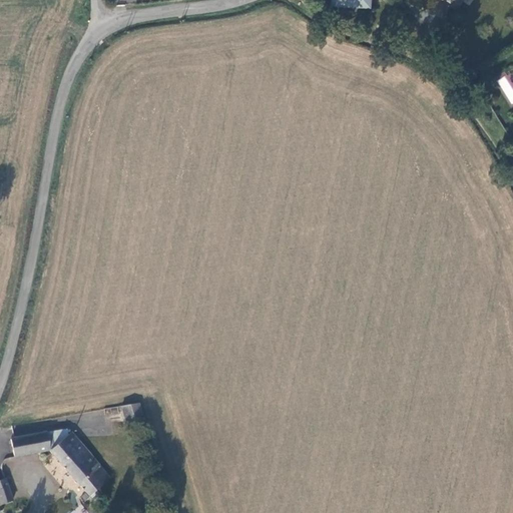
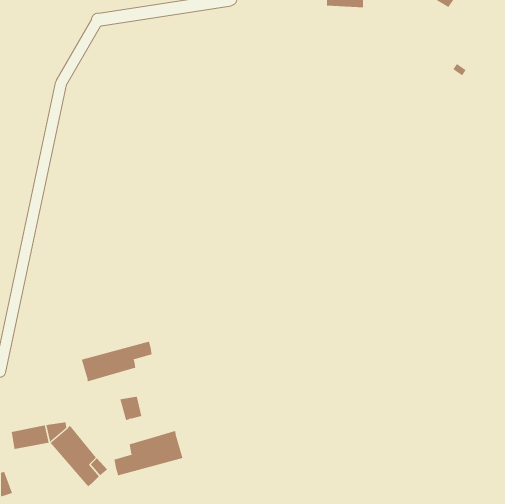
building: none -> [81,341,152,382]
building: none -> [114,430,183,476]

